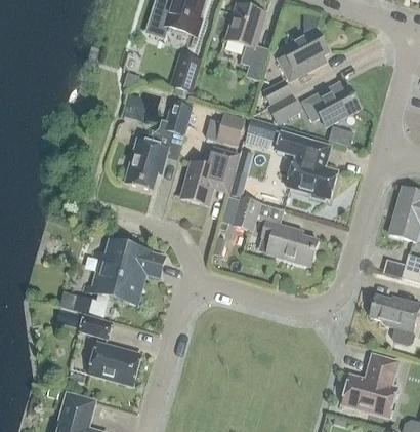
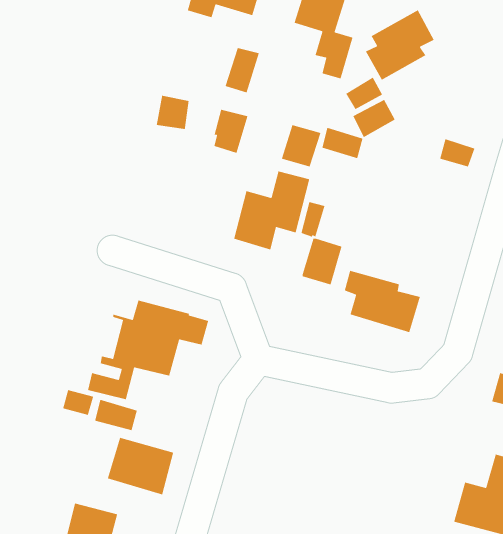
building: [302,84,361,126] -> none
building: [276,130,337,199] -> none
building: [124,139,167,190] -> none

